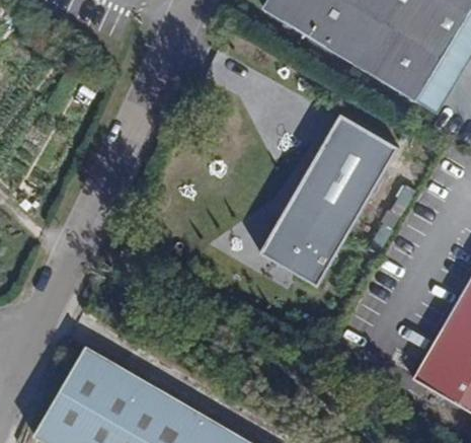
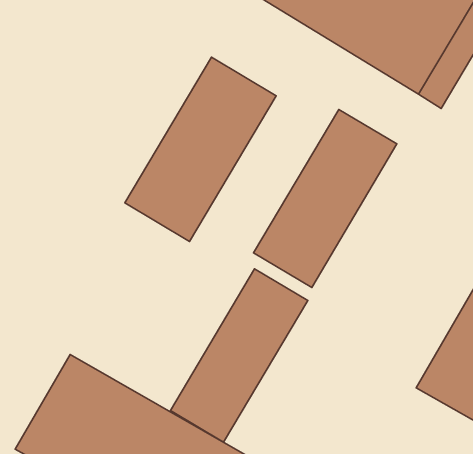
building: none -> [125,57,276,241]
building: none -> [170,269,308,442]

